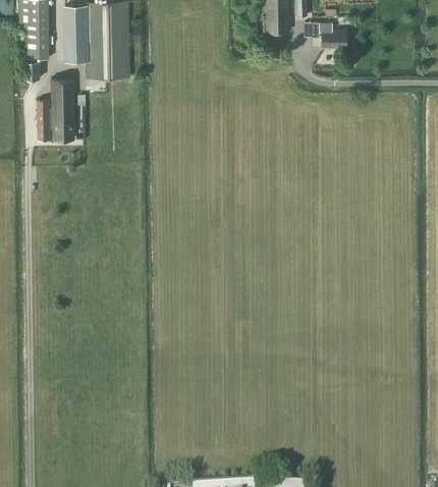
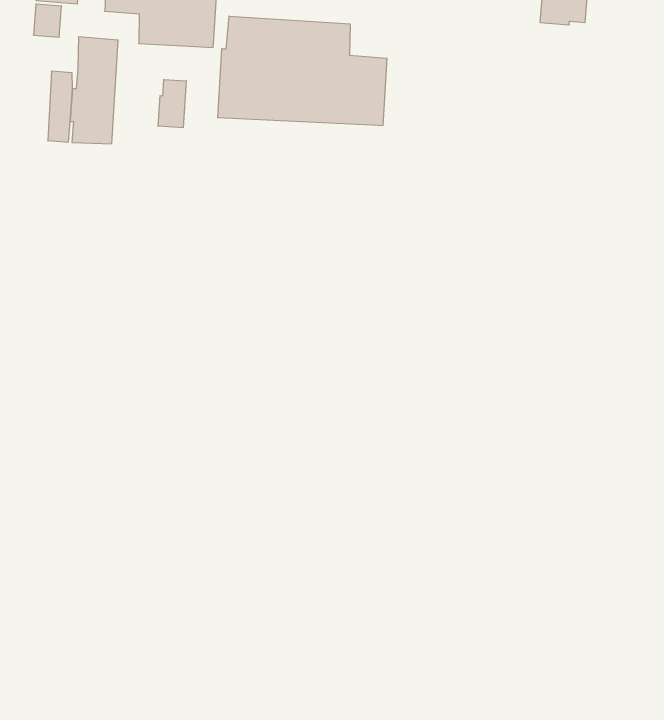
building: none -> [218,16,387,126]
building: none -> [158,79,186,128]

